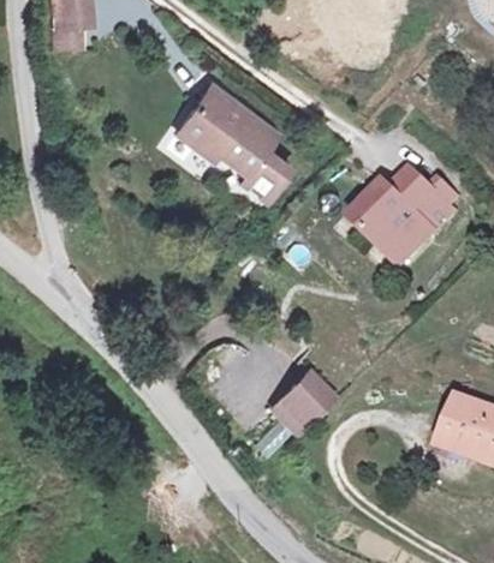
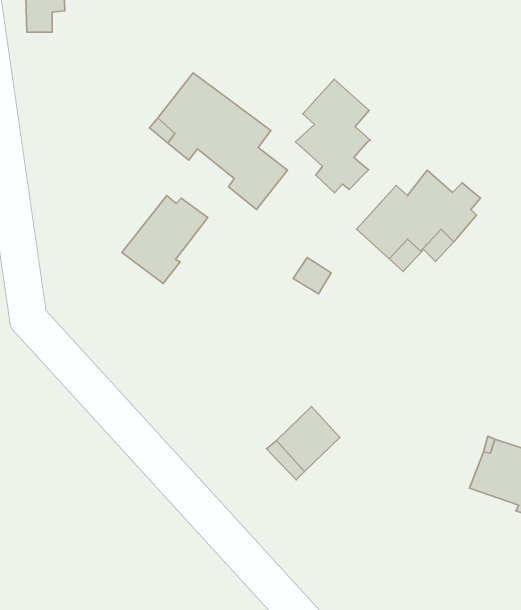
building: none -> [296,79,370,193]
building: none -> [122,195,208,283]

